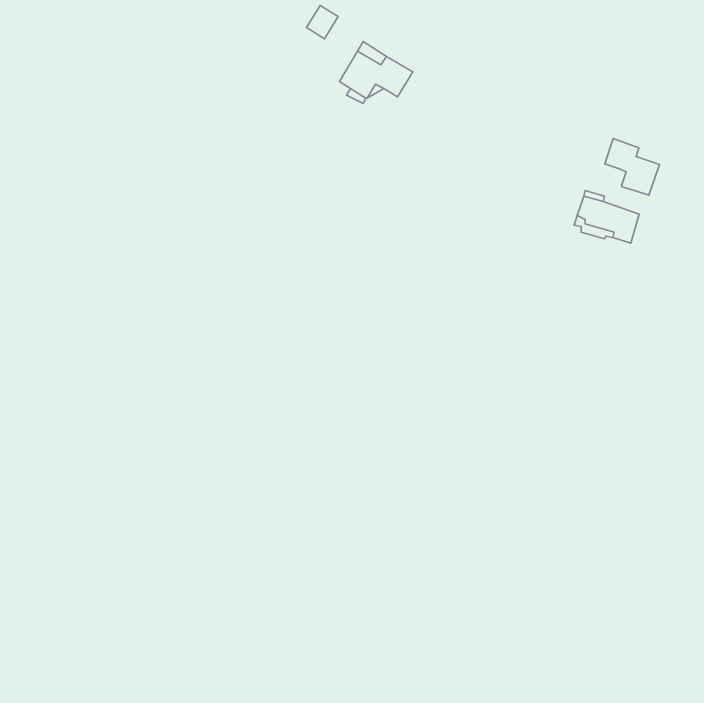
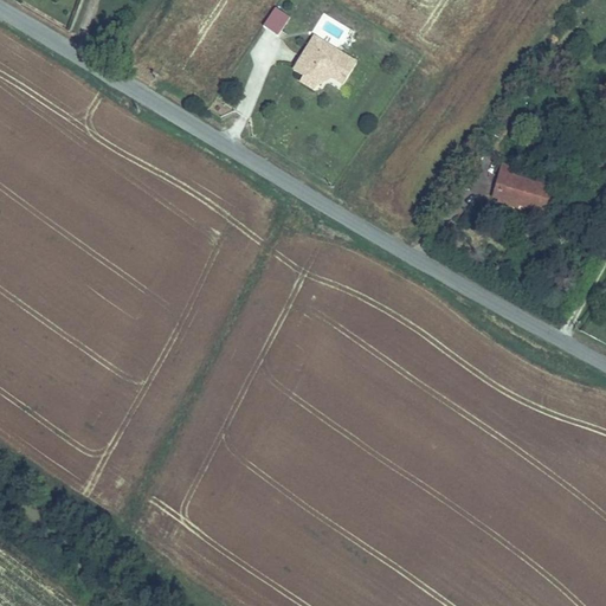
building: [605,139,659,195] -> none

